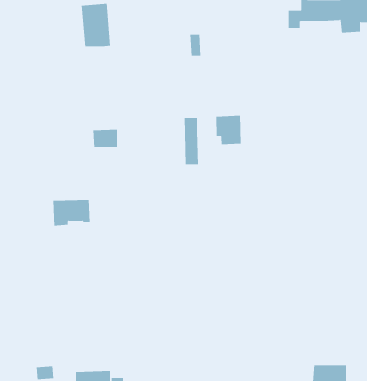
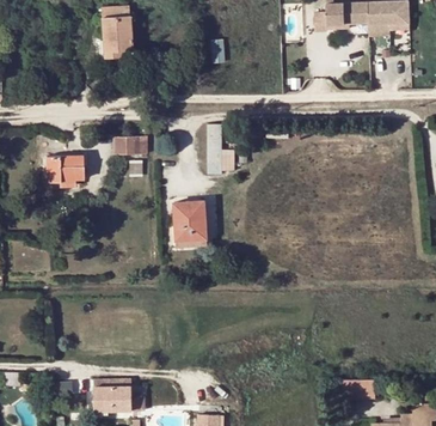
building: [216,115,241,145] -> none
building: none -> [174,201,208,241]
building: [52,199,91,226] -> [45,154,85,182]

